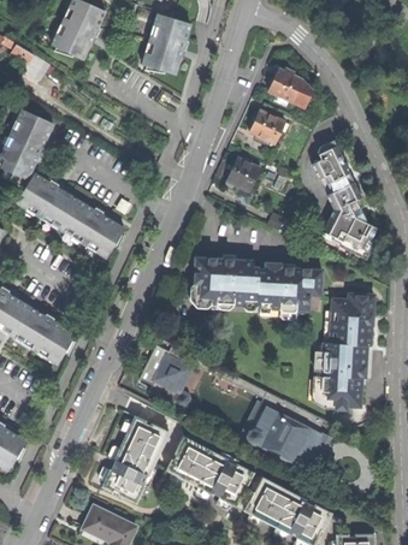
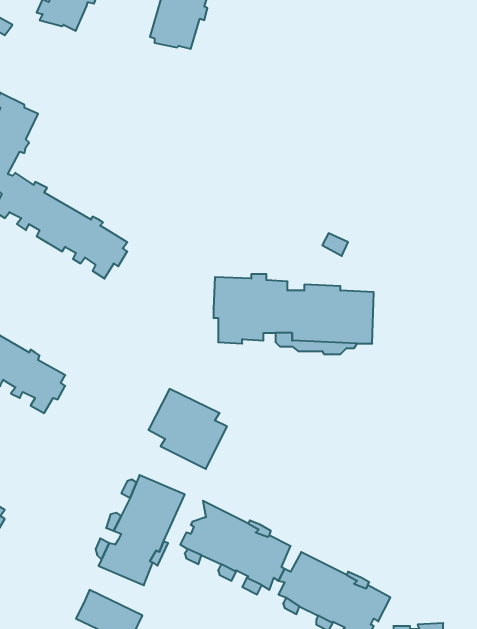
building: [267,67,304,105] -> none
building: [248,102,284,142] -> none
building: [312,138,376,251] -> none
building: [226,156,259,190] -> none
building: [315,291,377,408] -> none
building: [242,399,327,468] -> none

